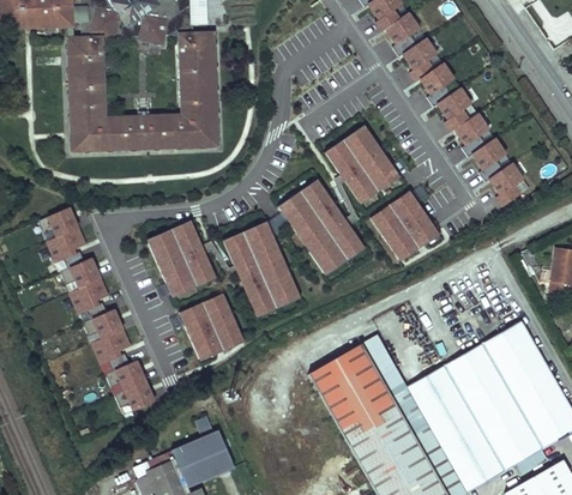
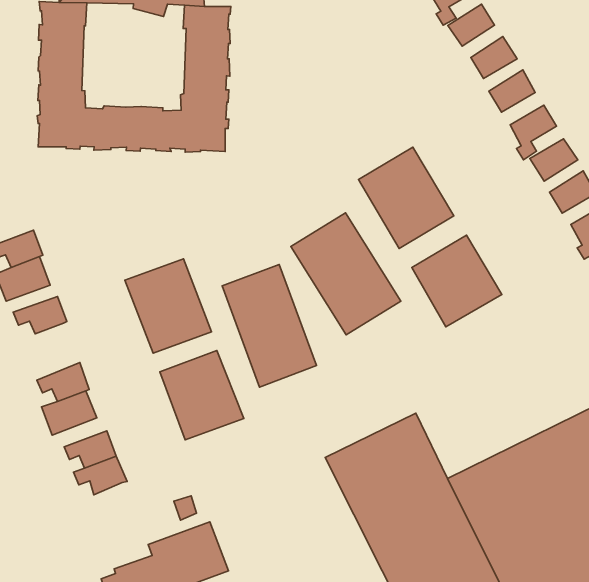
building: [67,282,110,318] -> none

